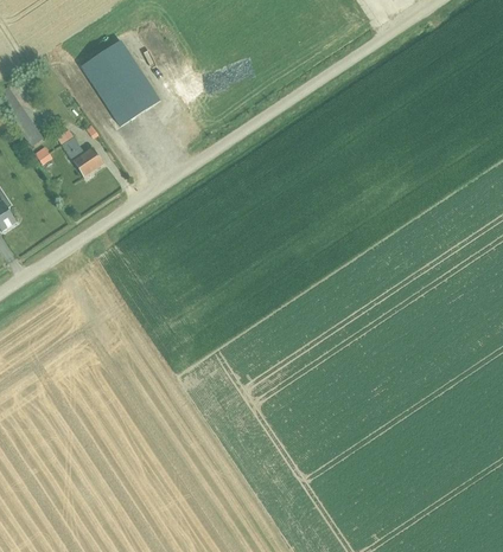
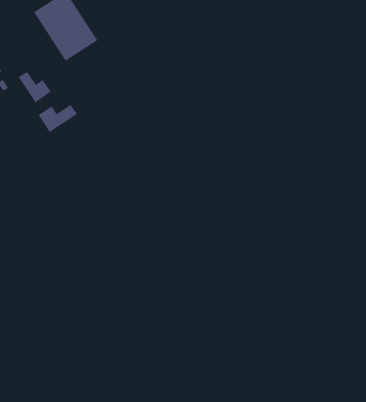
building: none -> [38,104,78,133]

